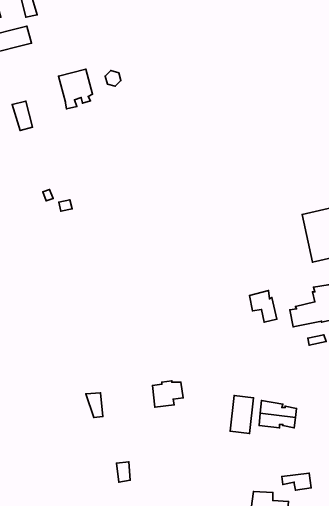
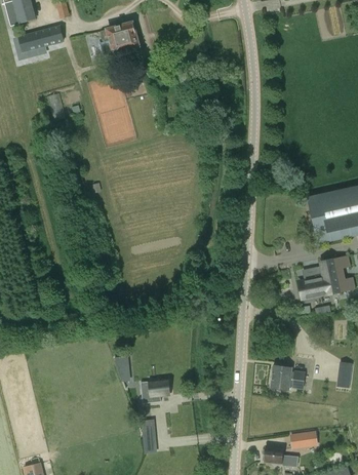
building: [59,69,93,109] -> [107,24,137,60]
building: [250,290,277,322] -> none
building: [153,381,183,407] -> [141,380,168,403]
building: [230,395,254,434] -> none

